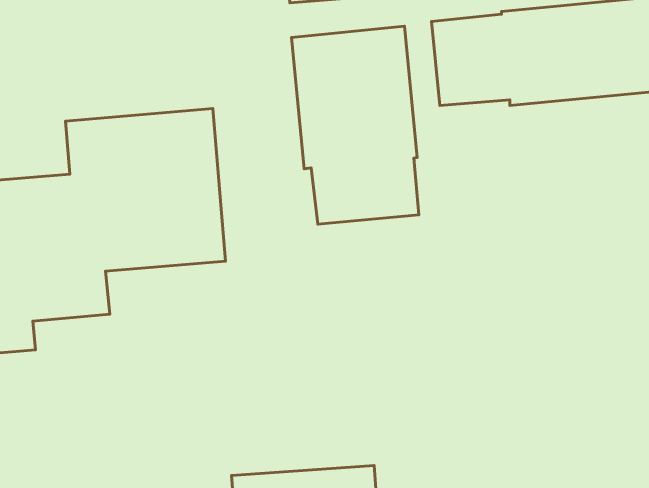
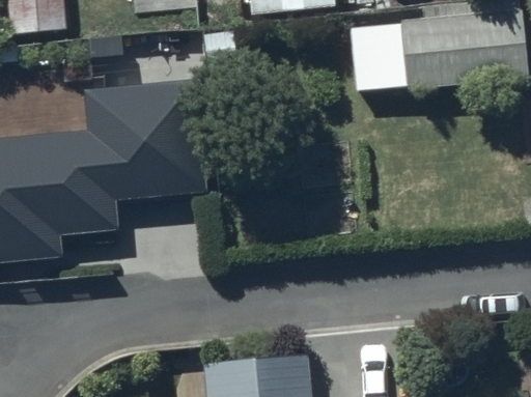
building: [292,26,419,224] -> none

